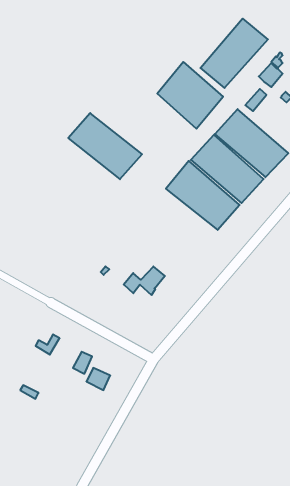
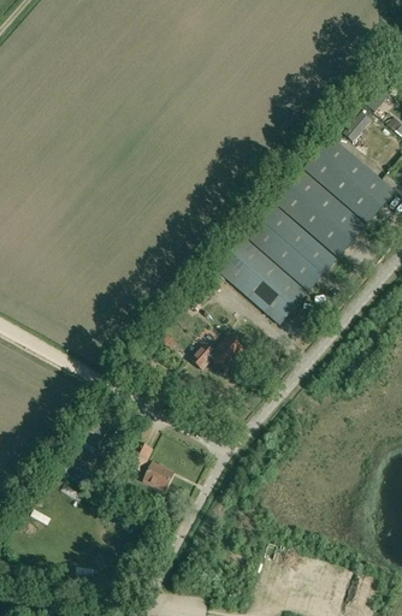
building: [200,19,268,88] -> none
building: [157,62,223,129] -> none
building: [68,113,142,179] -> [214,239,307,322]

